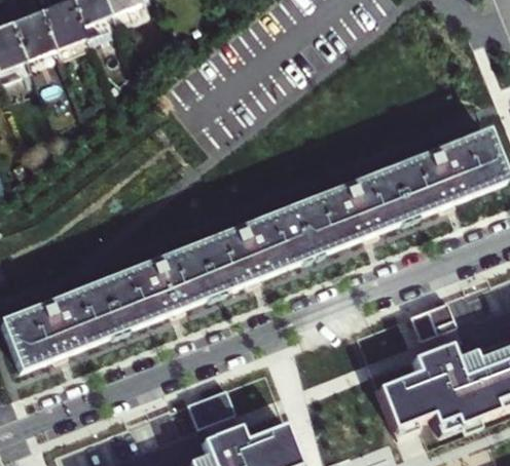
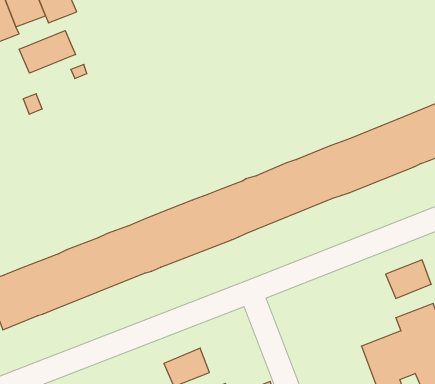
building: none -> [19,31,76,73]

